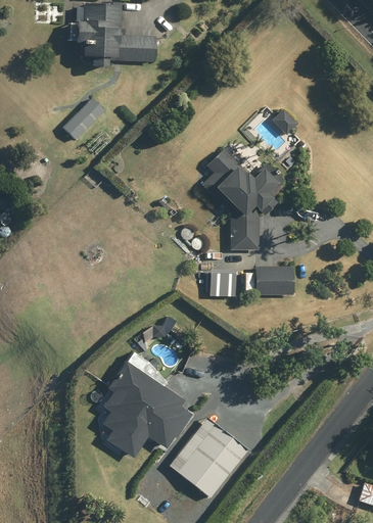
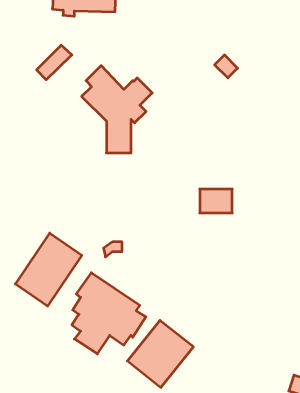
building: [200,147,282,248] -> [82,66,152,153]
building: [208,275,234,298] -> none
building: none -> [15,233,82,306]

